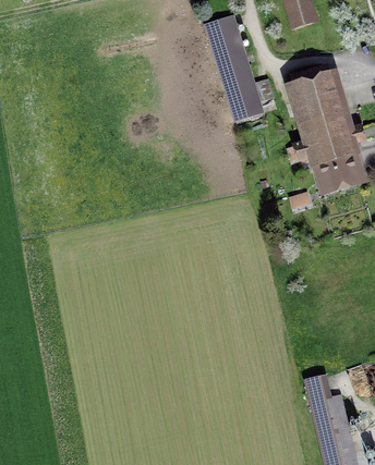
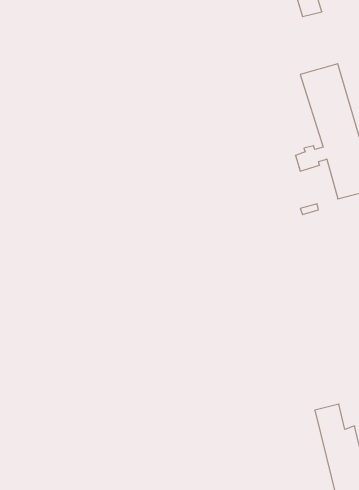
building: [205,16,274,121] -> none

